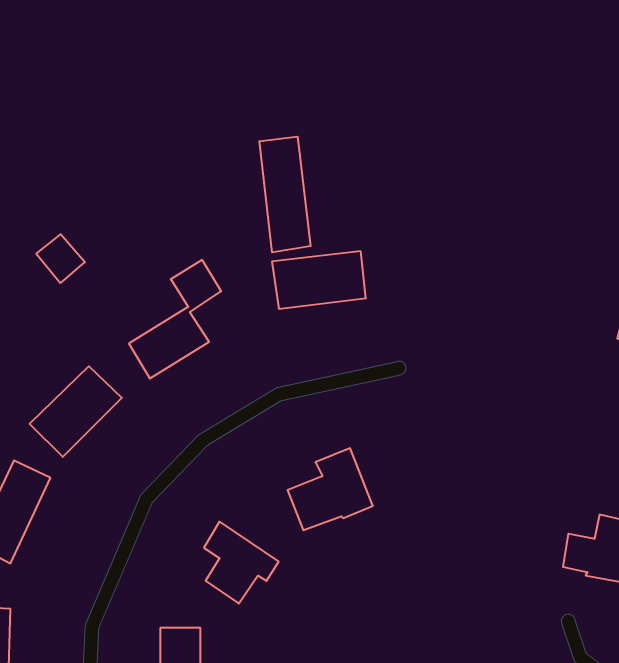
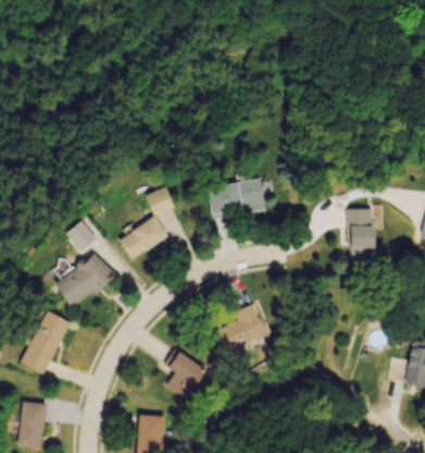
building: [260,137,311,252] -> none
building: [36,234,85,283] -> [67,221,98,252]
building: none -> [349,209,383,265]

